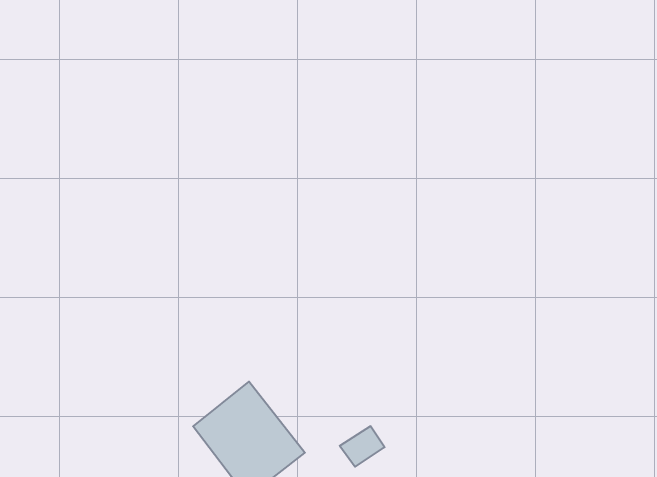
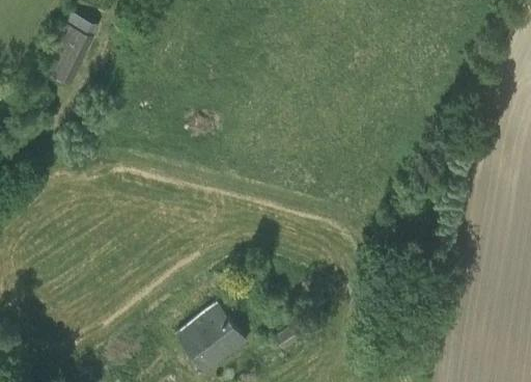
building: none -> [37,25,93,87]

